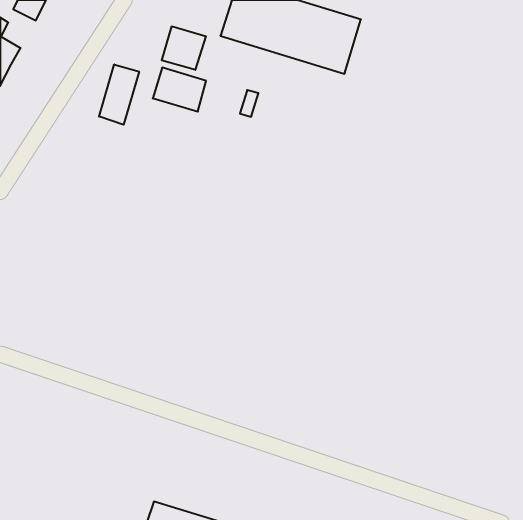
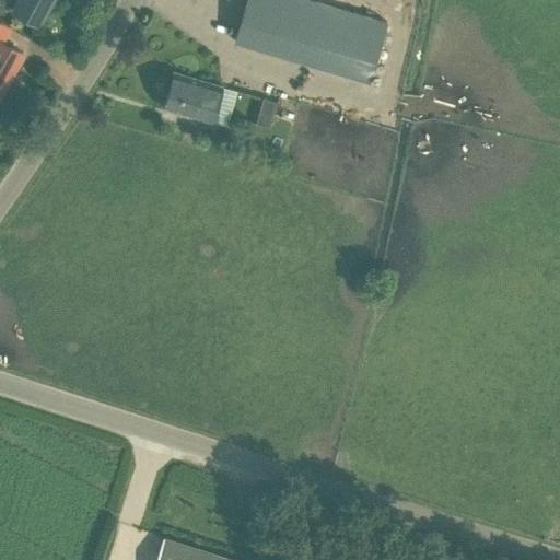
building: [162,26,206,70] -> none
building: [99,64,139,125] -> none

